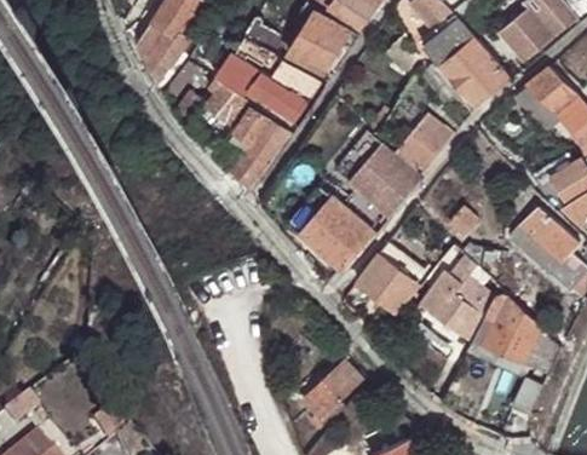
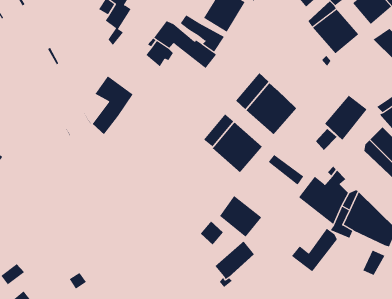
building: [229,106,287,190] -> [92,76,133,135]
building: [393,113,454,177] -> [324,95,367,141]
building: [358,253,419,312] -> [219,195,262,237]
building: none -> [291,228,338,272]

